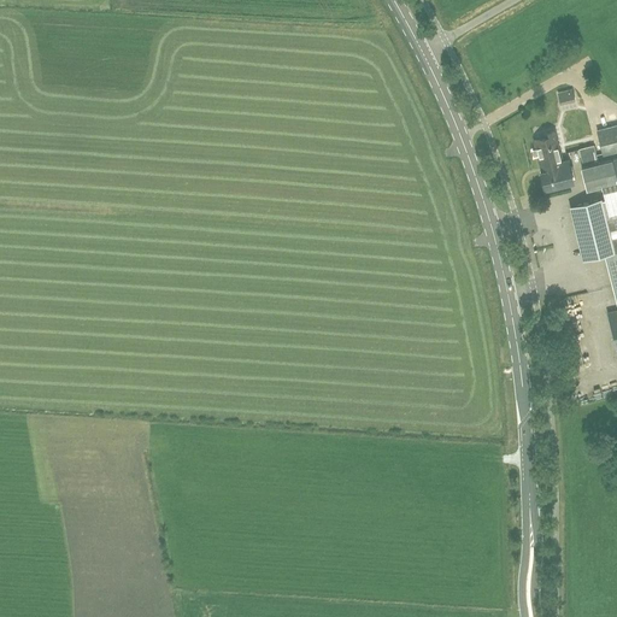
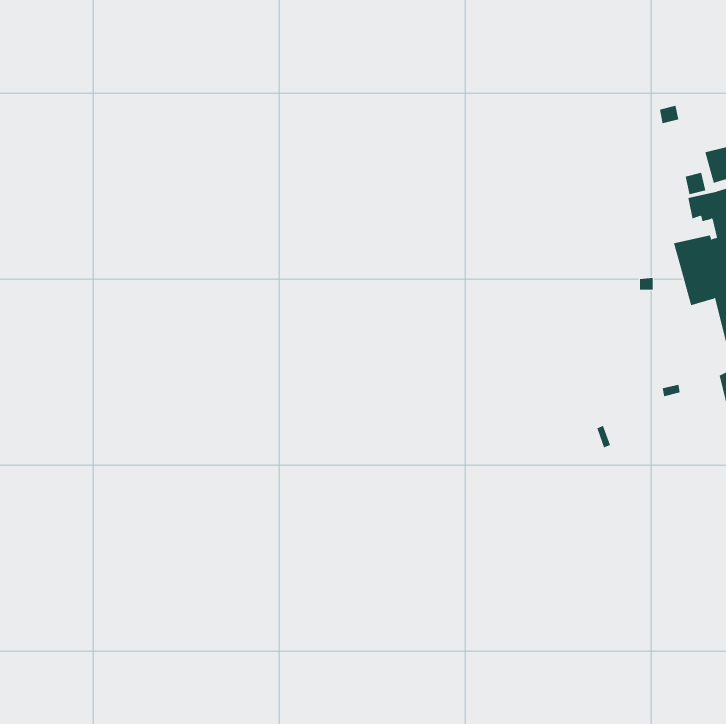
building: [535,133,575,192] -> none

